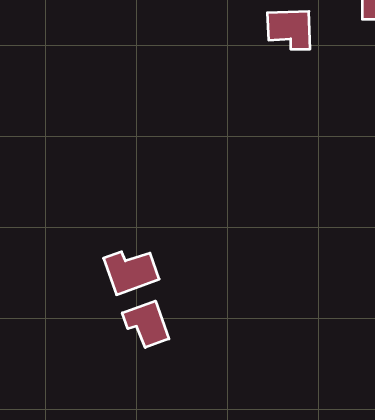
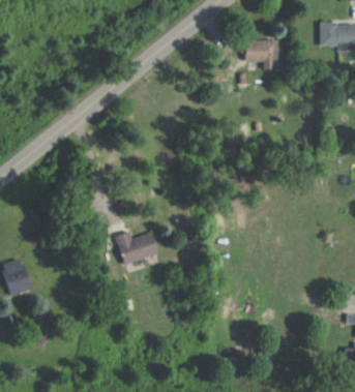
building: [122,301,169,348] -> none

